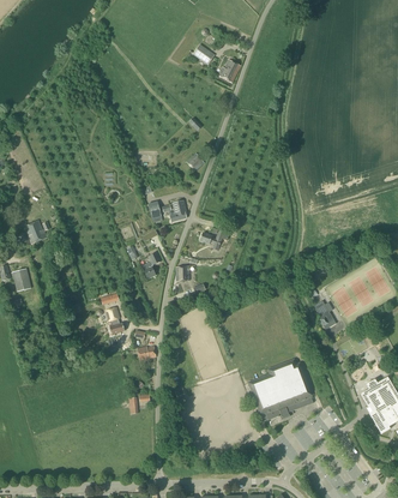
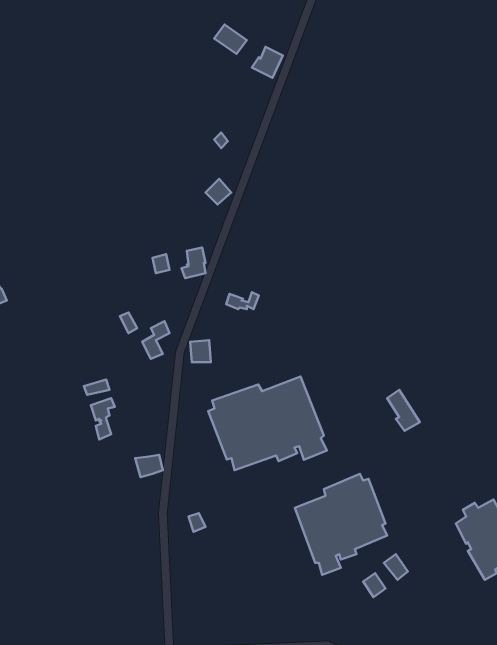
building: none -> [208,376,327,470]

